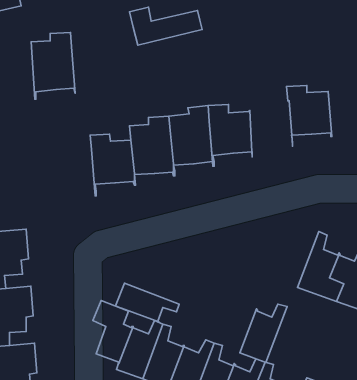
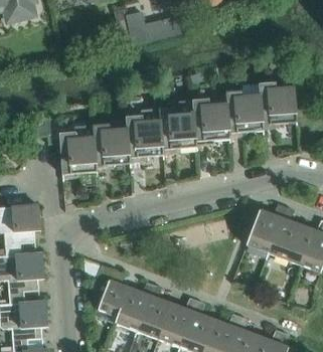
building: [31,32,75,99] -> [59,124,97,180]
building: none -> [225,82,264,142]
building: [116,283,179,322] -> none
building: [240,304,287,362] -> [246,203,286,252]

